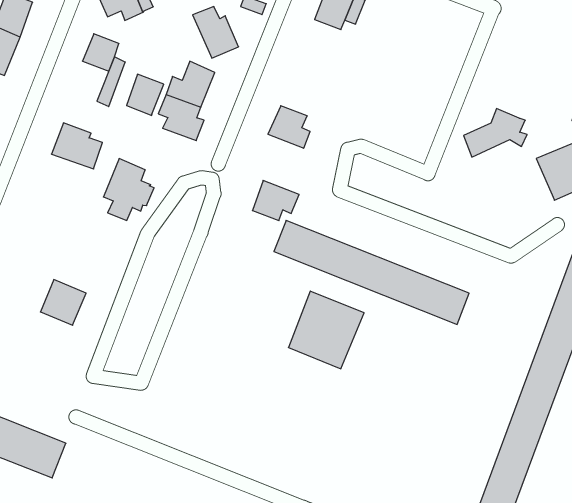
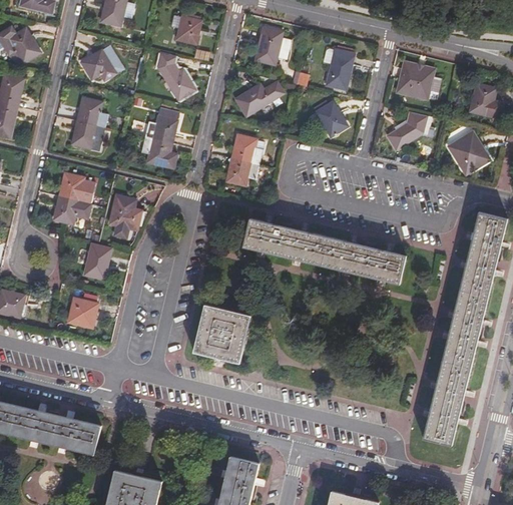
building: none -> [321,47,354,91]
building: none -> [392,58,439,100]
building: none -> [230,79,284,118]
building: [127,74,164,115] -> [67,119,94,150]
building: none -> [310,99,346,137]
building: none -> [53,196,93,224]
building: [252,180,299,221] -> [222,156,258,186]
building: none -> [84,241,114,281]
building: [288,291,364,369] -> [193,306,249,364]

